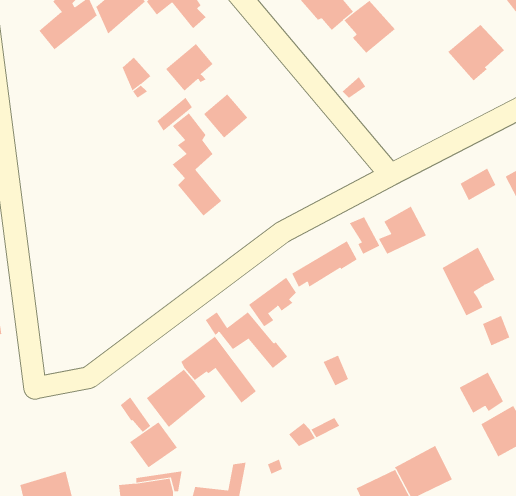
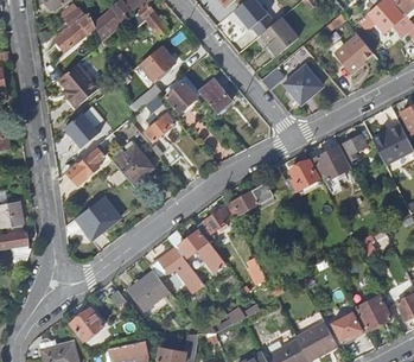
building: none -> [60,58,101,103]
building: none -> [284,65,321,103]
building: none -> [198,78,230,113]
building: none -> [63,112,98,147]
building: none -> [114,145,152,184]
building: none -> [65,148,103,185]
building: [442,247,495,316] -> [313,144,350,191]
building: none -> [74,197,119,236]
building: [459,372,504,414] -> [332,312,363,341]
building: [129,421,178,468] -> [70,309,103,341]

